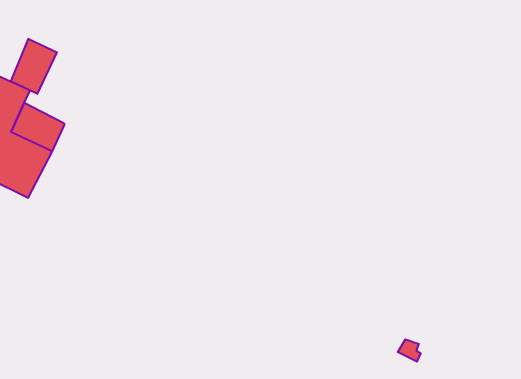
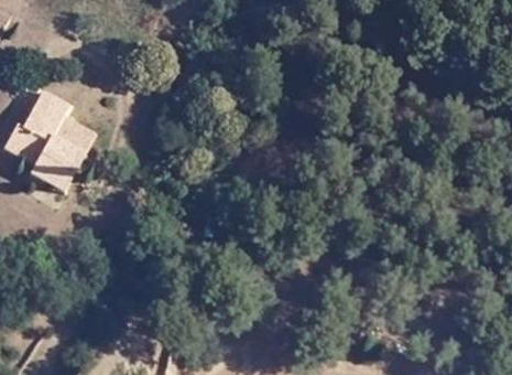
building: [11,39,57,94] -> none

